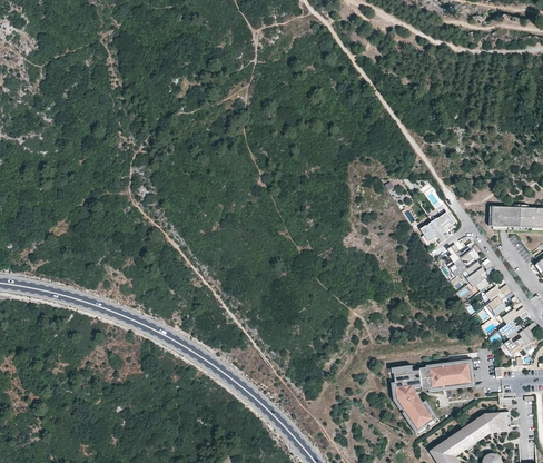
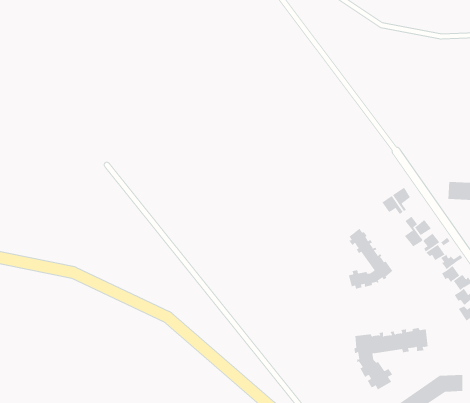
building: none -> [348,228,393,289]

